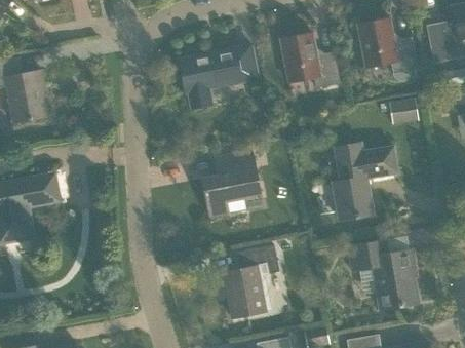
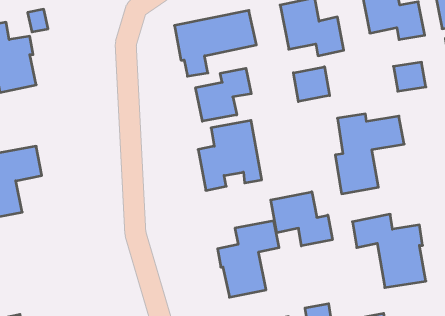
building: none -> [293,67,330,102]
building: none -> [196,68,251,121]
building: none -> [271,192,332,246]

